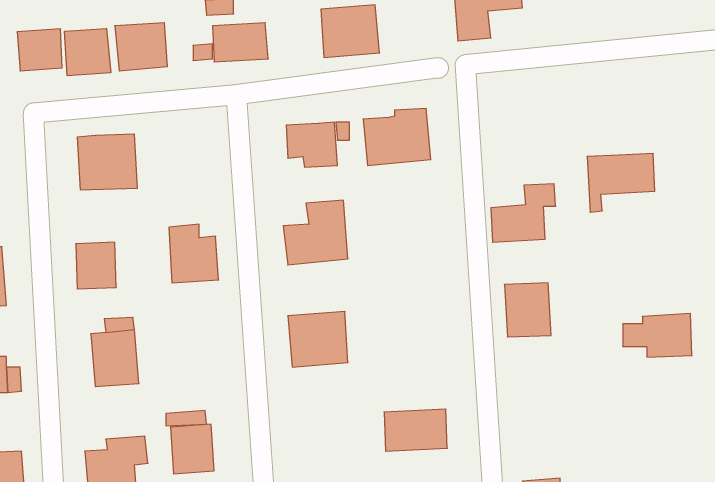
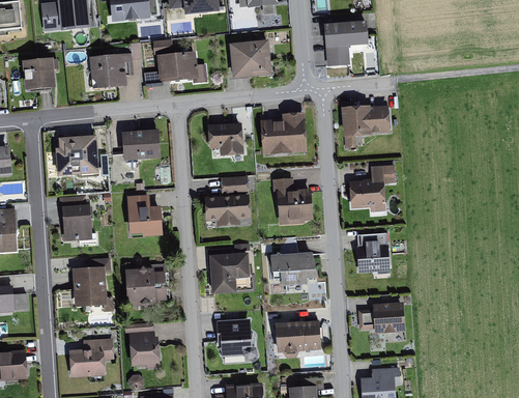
building: [64,28,111,76] -> none
building: none -> [120,130,161,159]
building: [587,154,655,212] -> [342,106,388,146]
building: none -> [273,178,312,223]
building: none -> [269,254,315,287]
building: [623,313,692,357] -> [358,302,406,332]
building: none -> [124,266,164,306]
building: none -> [218,318,252,356]

